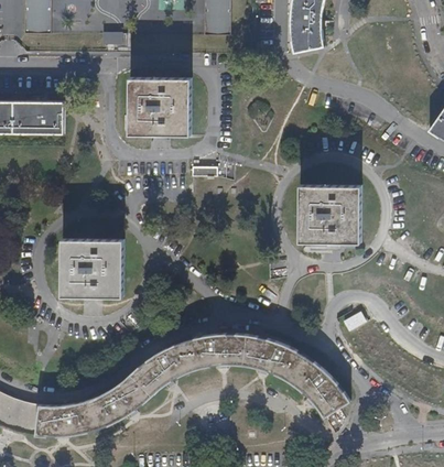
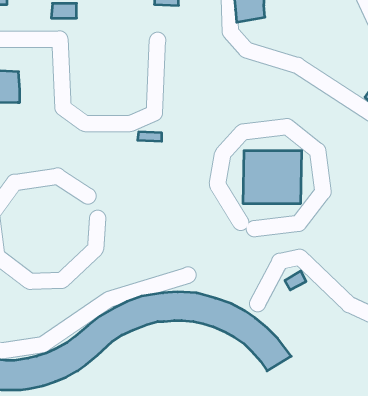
building: [128,78,188,134] -> none
building: [61,240,122,296] -> none

